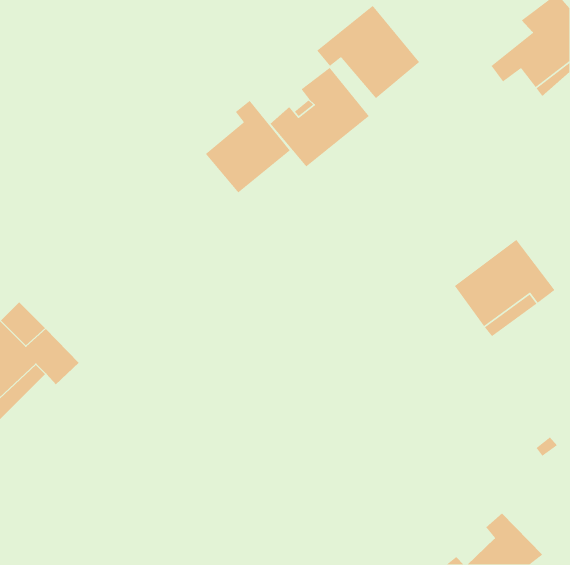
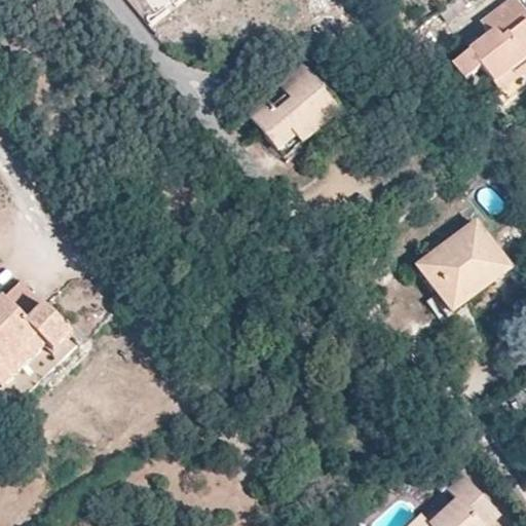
building: [316,5,420,99] -> none
building: [205,100,291,194] -> none

